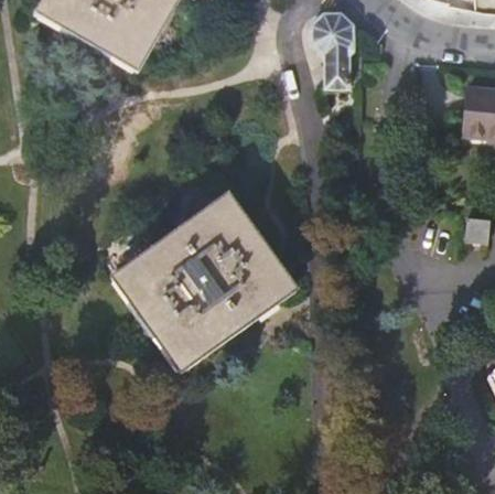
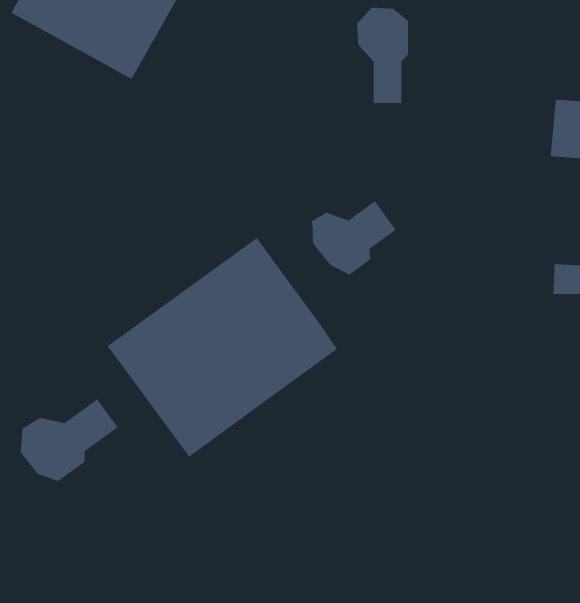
building: none -> [312,200,397,275]
building: none -> [20,398,118,482]

